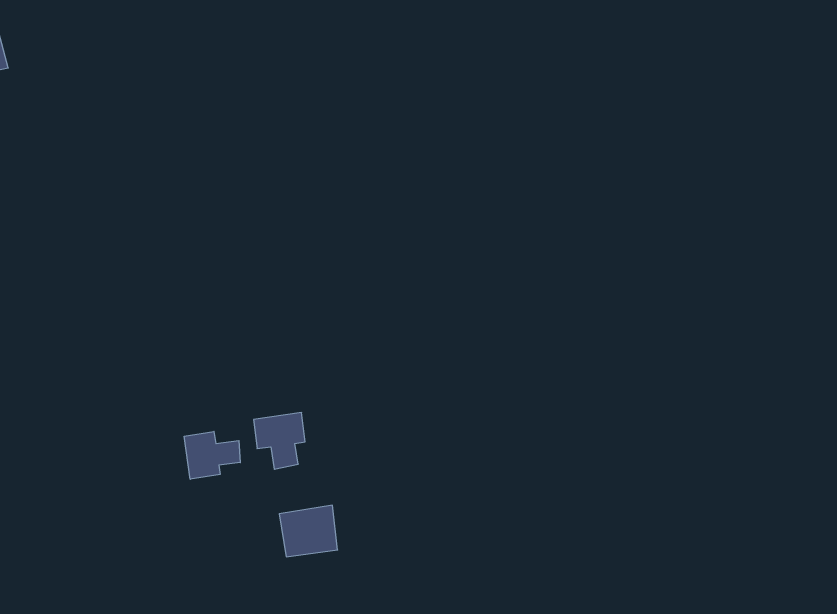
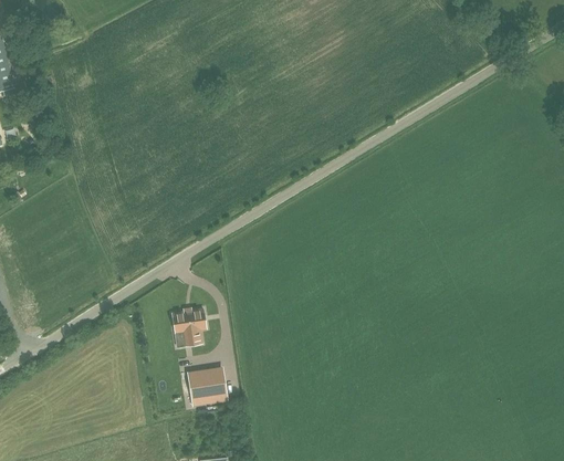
building: [184,431,240,479] -> none

